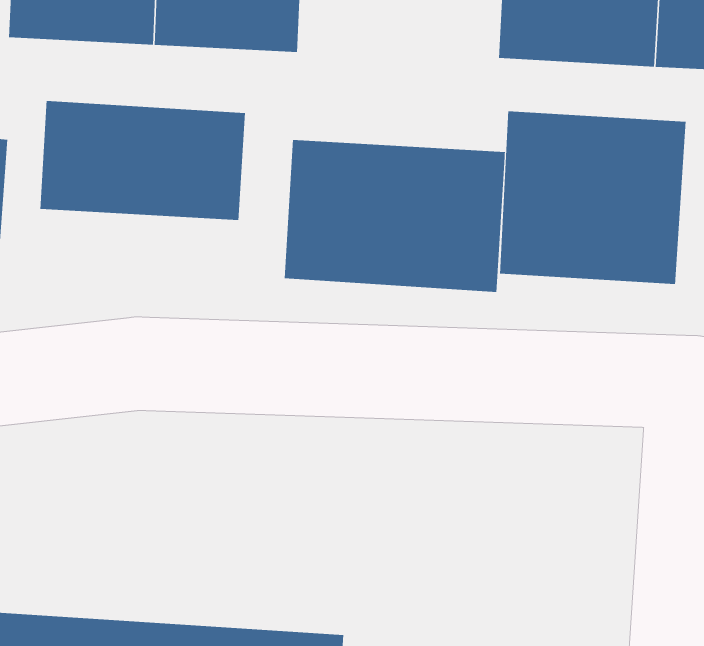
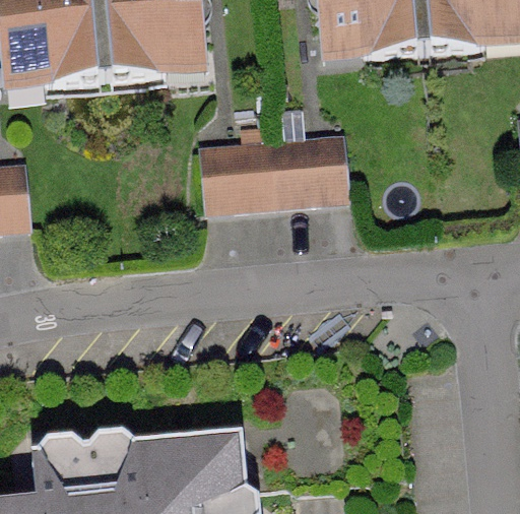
building: [40,100,245,221] -> none
building: [499,110,686,285] -> none

